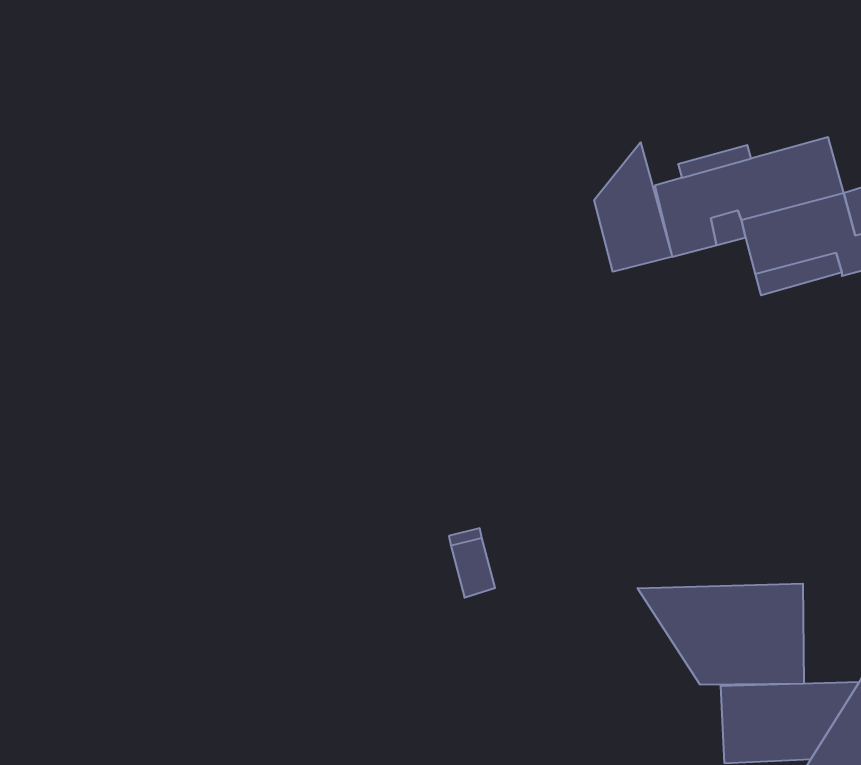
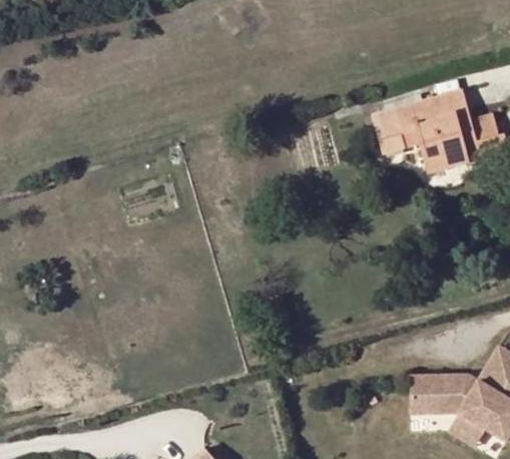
building: [594,142,672,272] -> none
building: [638,584,804,685] -> none

